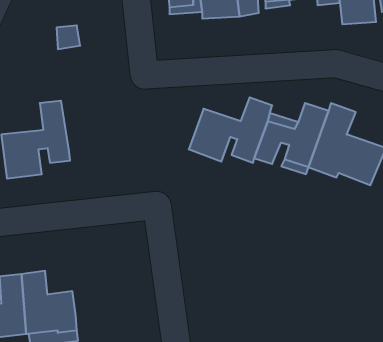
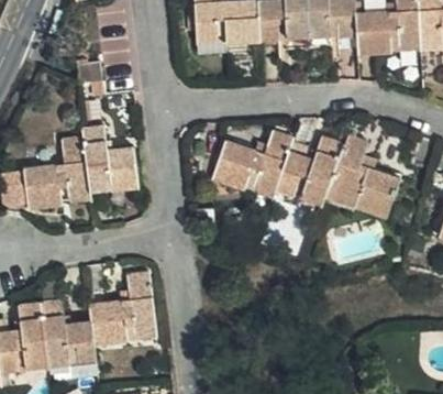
building: none -> [84,121,143,187]
building: none -> [95,271,160,343]

